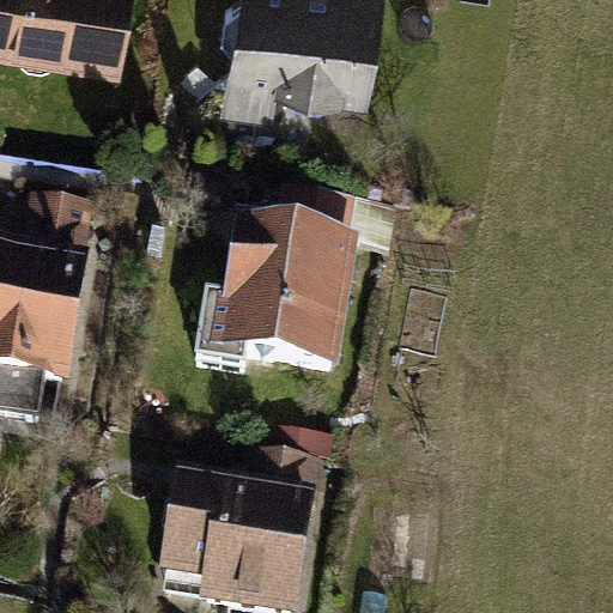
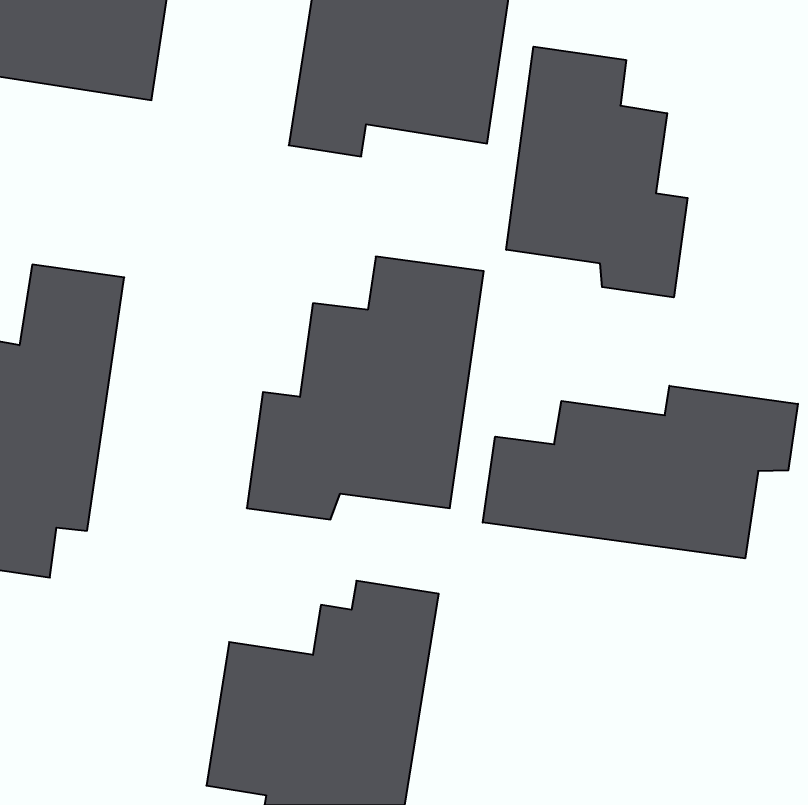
building: none -> [506,47,688,297]
building: none -> [483,386,798,558]

